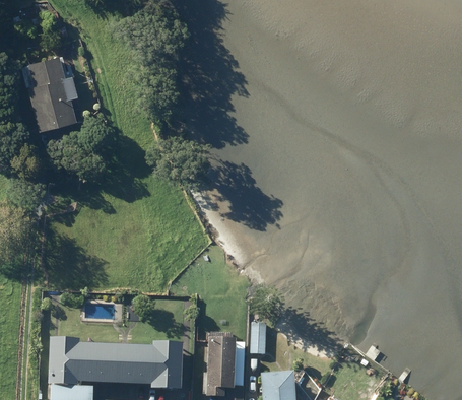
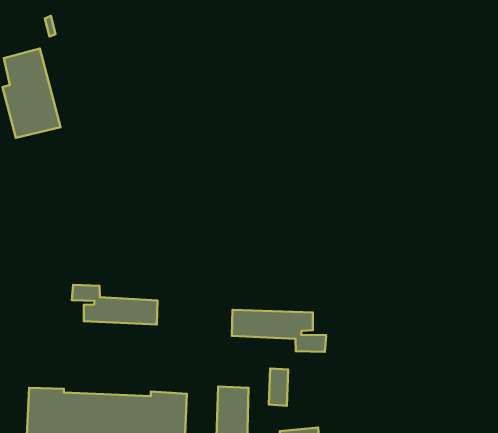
building: none -> [72,285,158,324]
building: none -> [232,310,326,352]

